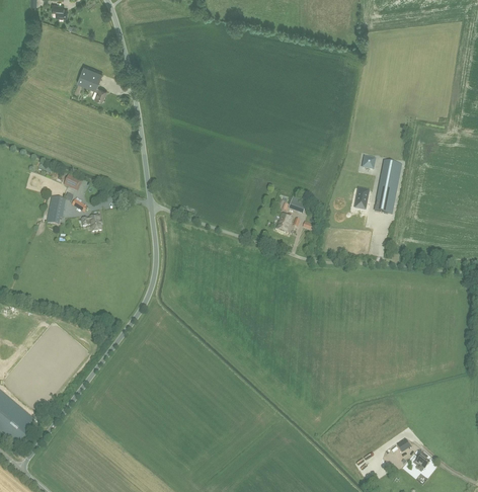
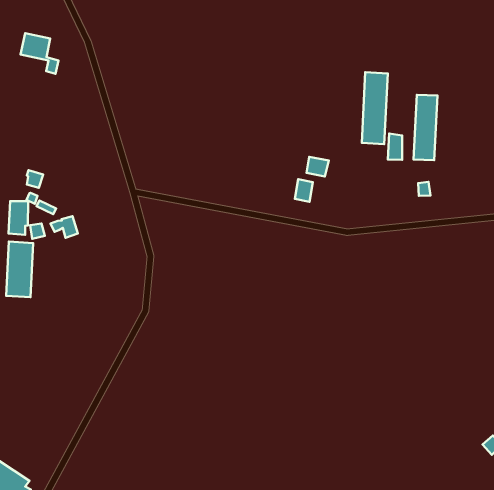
building: none -> [362,72,388,144]
building: none -> [6,242,33,297]

